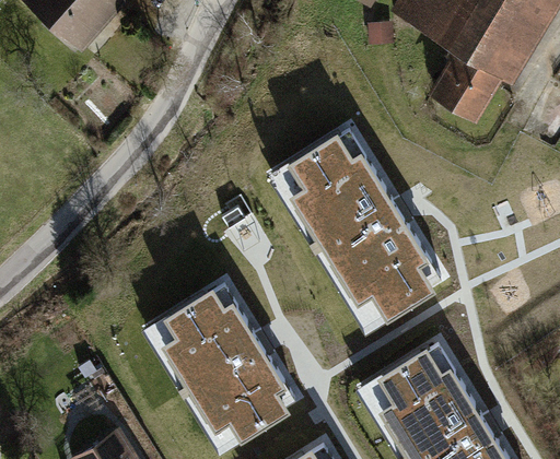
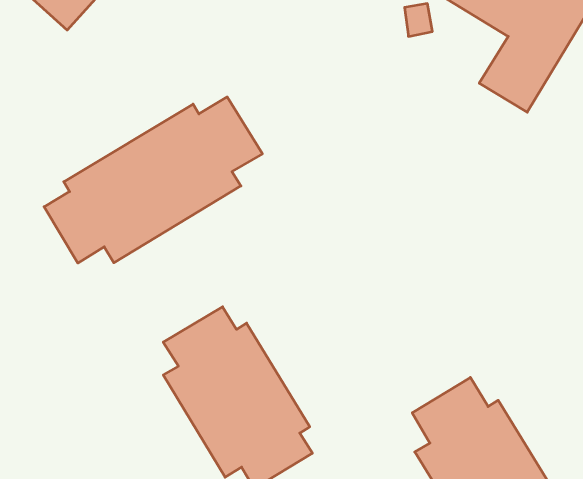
building: none -> [44,97,262,263]
building: [285,130,436,320] -> none

